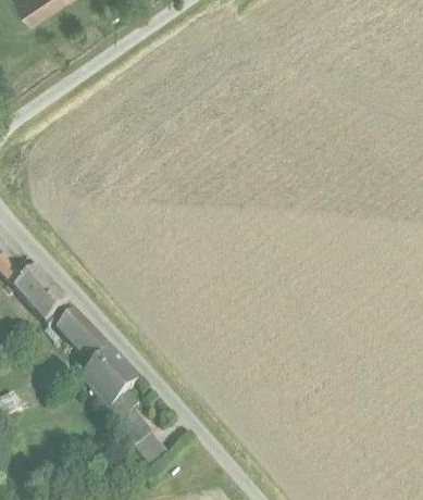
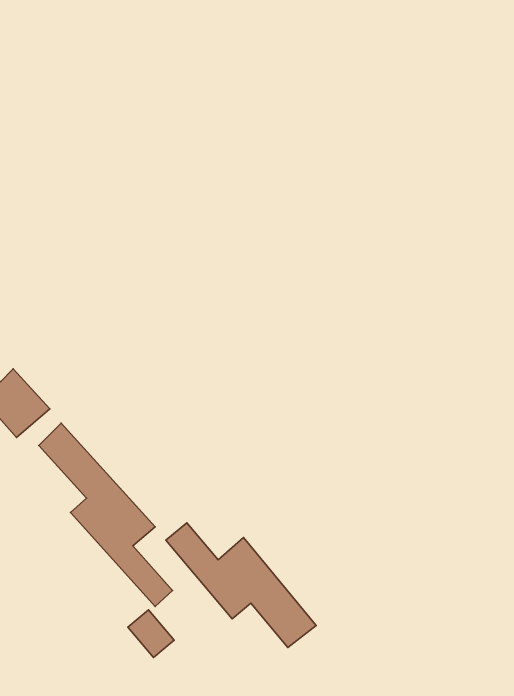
building: none -> [166,523,316,648]

